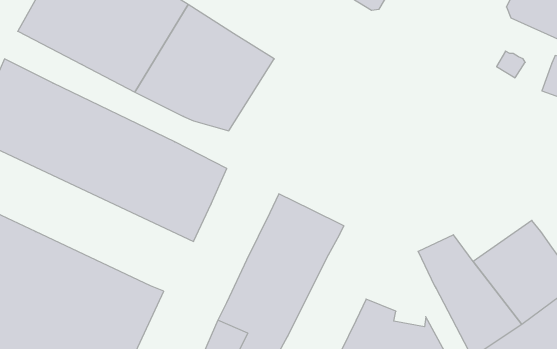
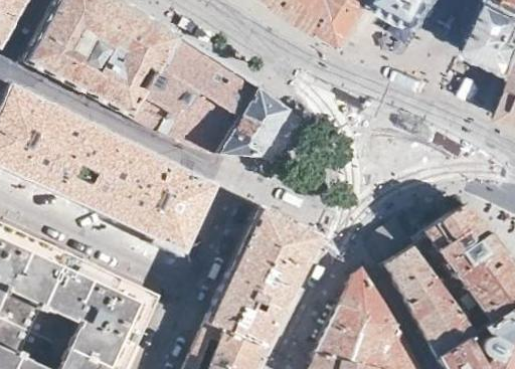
building: none -> [214,87,286,157]
building: none -> [414,205,490,271]
building: none -> [339,268,393,331]

